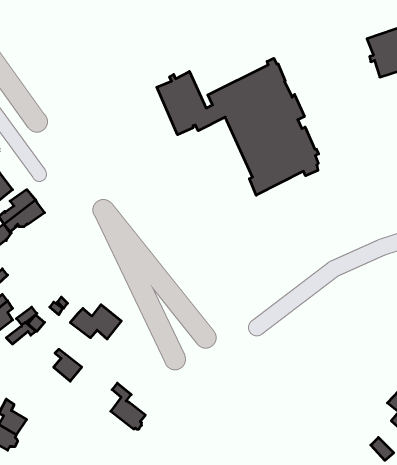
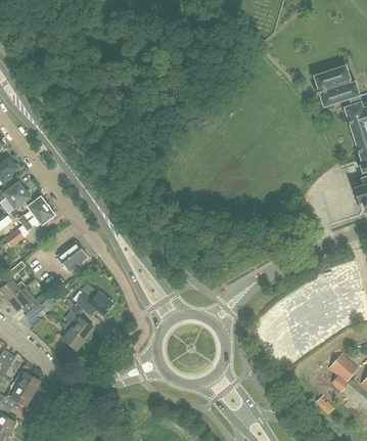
building: [157,58,319,195] -> none
building: none -> [56,240,88,271]
building: [111,383,145,429] -> [66,302,94,339]

